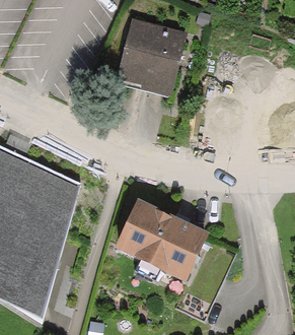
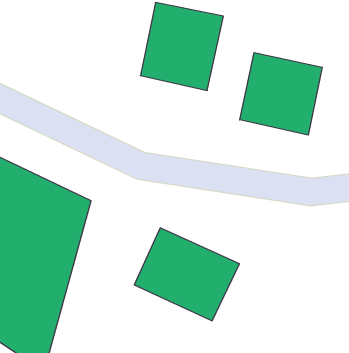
building: none -> [240,53,322,135]

